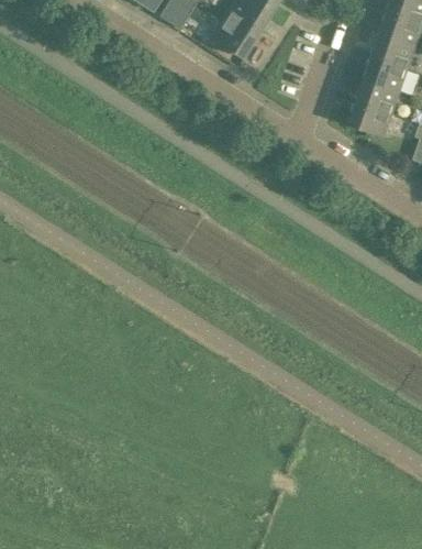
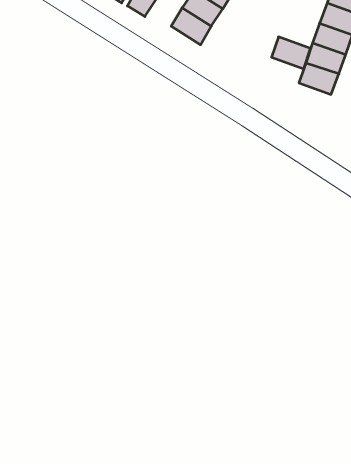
building: [346,100,390,136] -> [272,37,311,69]

